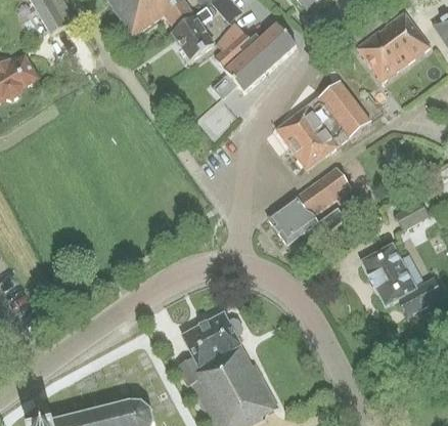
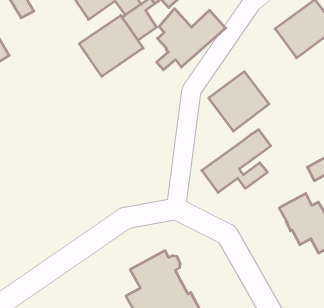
building: none -> [79,15,143,76]
building: [319,81,370,137] -> none

